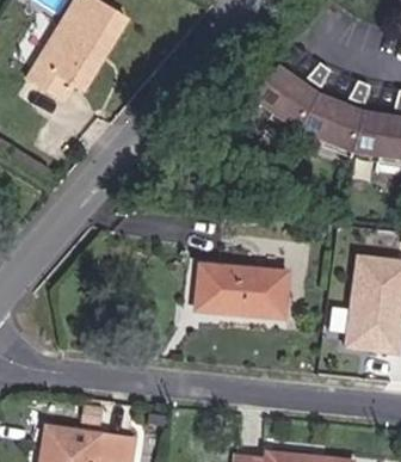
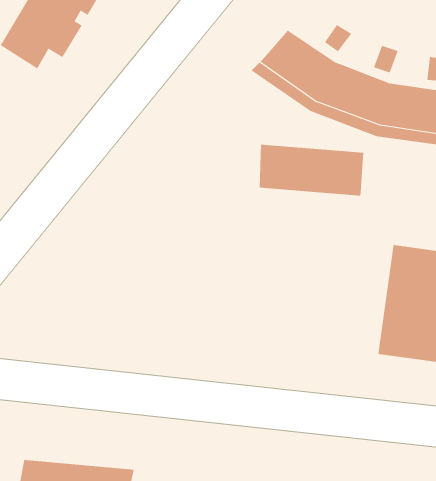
building: [196,266,285,310] -> [259,144,364,196]

